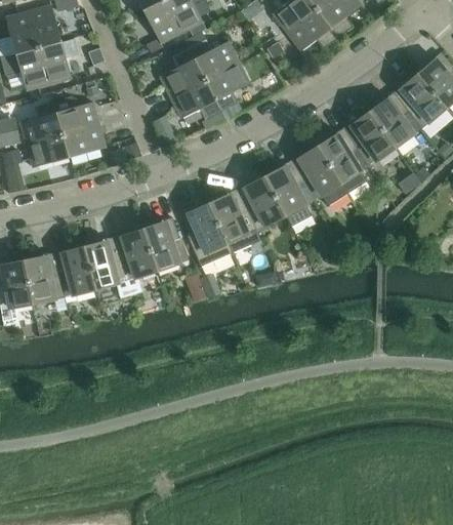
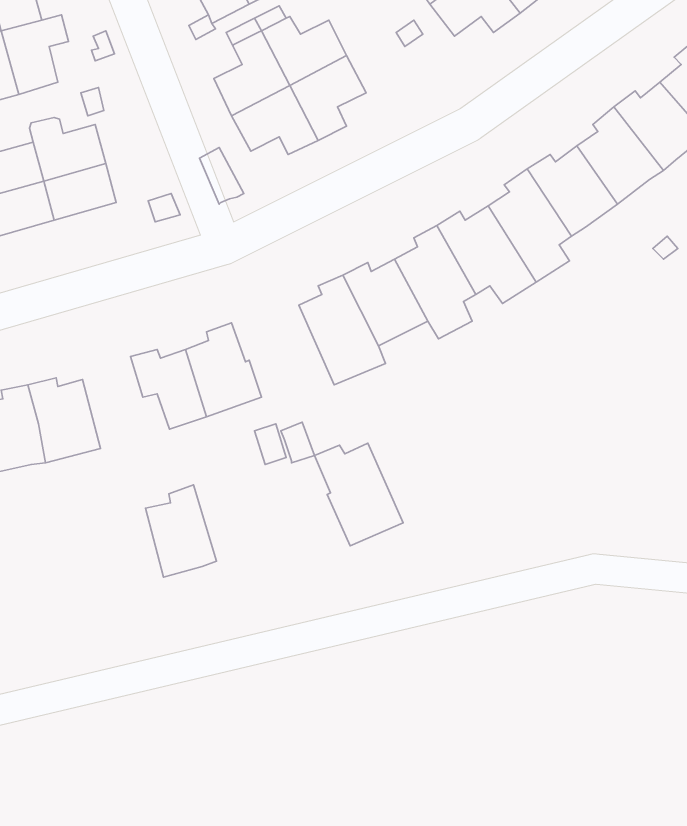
building: [180,206,232,266] -> [315,443,403,546]
building: [86,236,127,289] -> [146,485,216,577]

